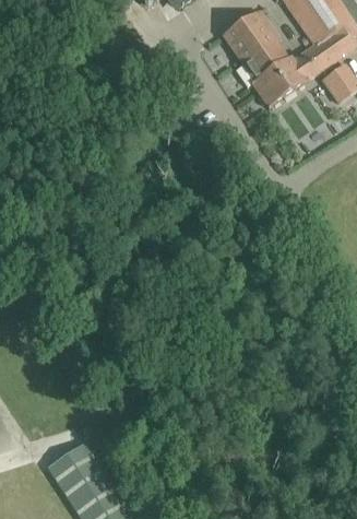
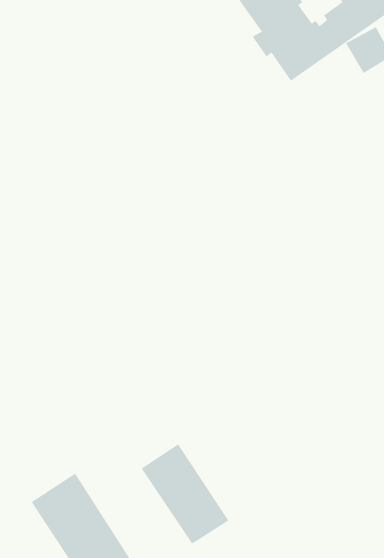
building: none -> [141,444,229,544]

